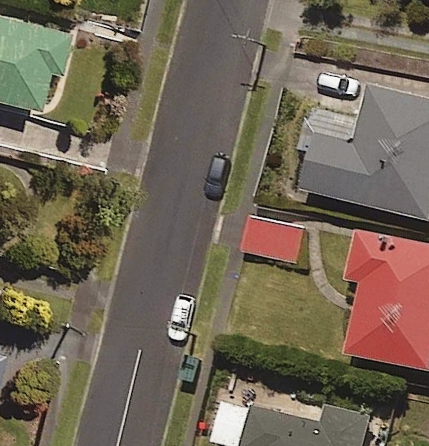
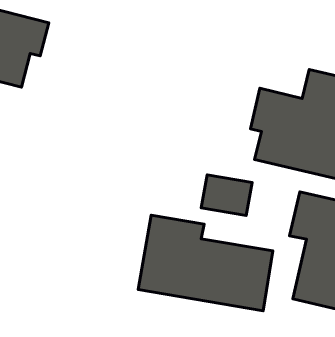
building: none -> [138,215,273,311]

